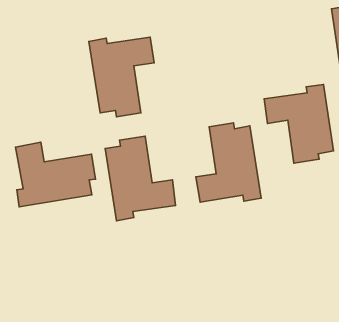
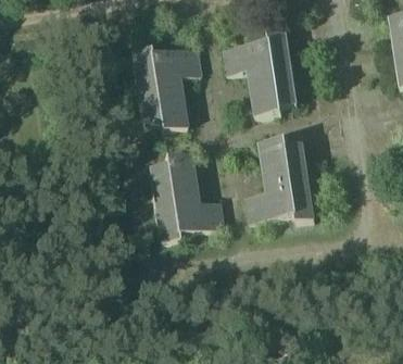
building: [264,85,334,163] -> [223,32,297,115]
building: [16,142,95,207] -> none

